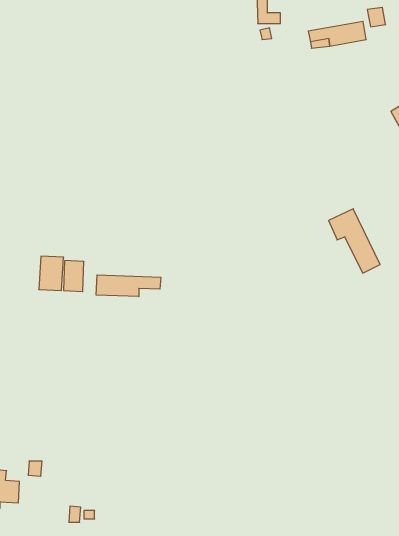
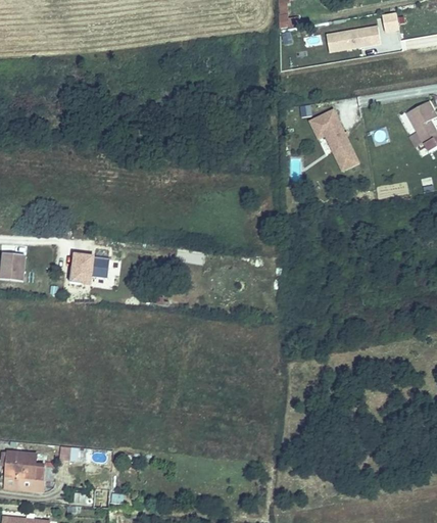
building: [329,209,380,273] -> [308,109,357,171]
building: [96,275,161,297] -> none

